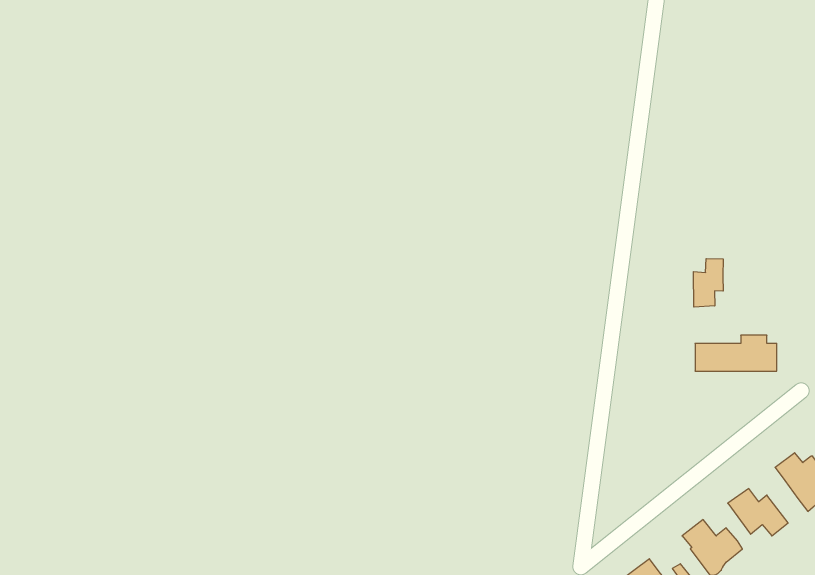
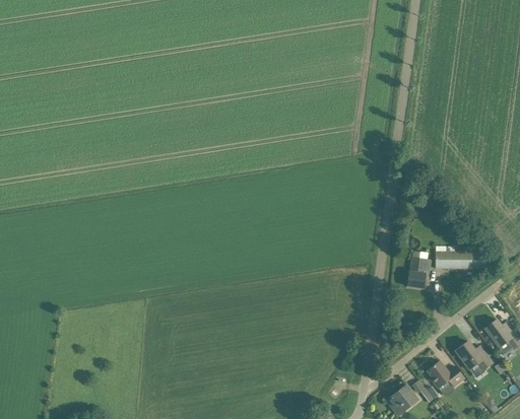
building: [693,259,723,307] -> none
building: none -> [406,258,426,289]

